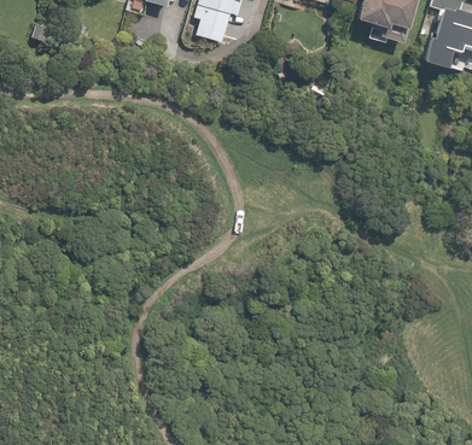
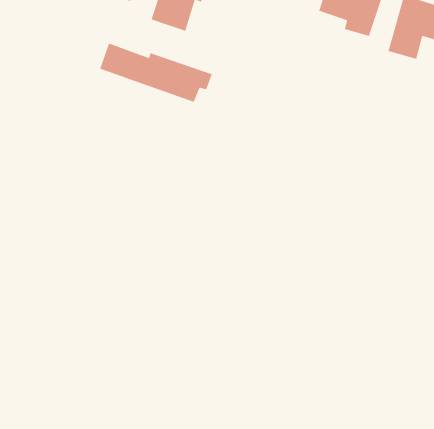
building: none -> [99,42,213,103]

